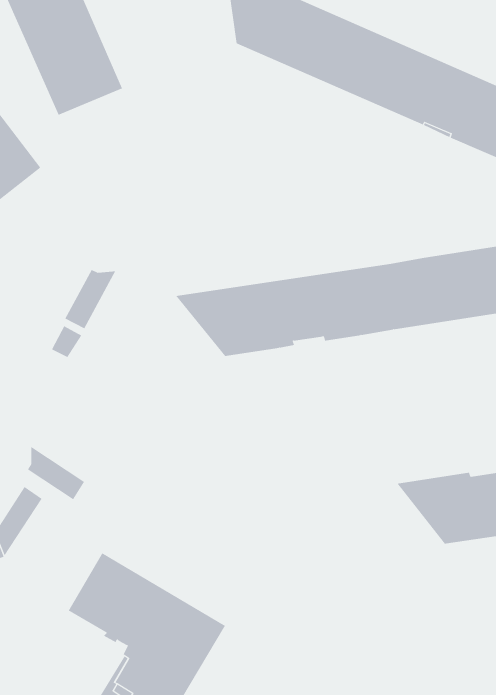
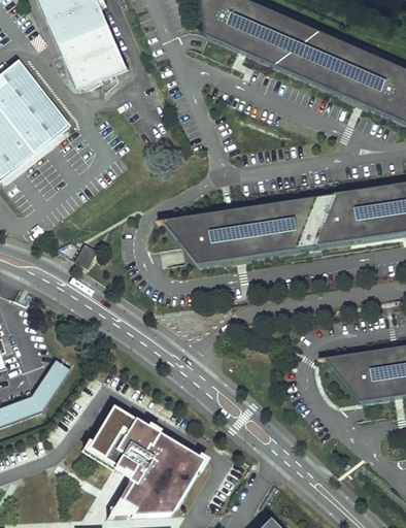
building: [65,269,116,329] -> none
building: [27,446,85,500] -> none

